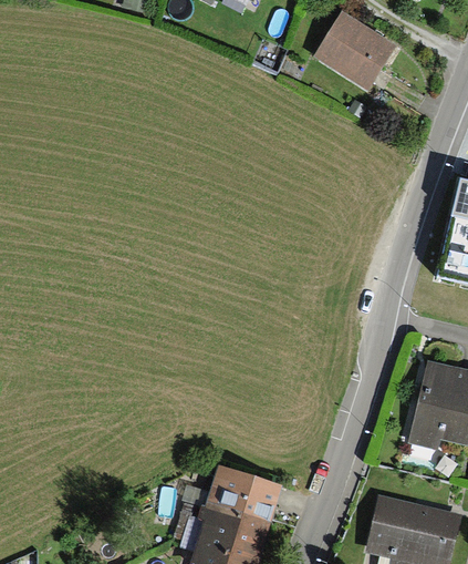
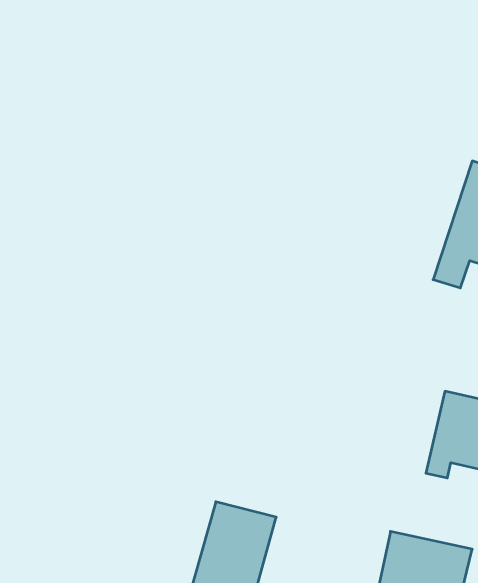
building: [316,19,392,91] -> none

